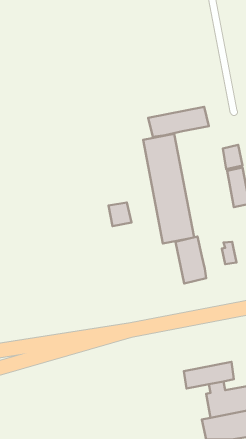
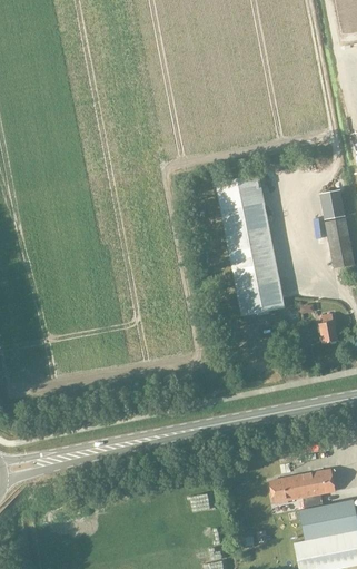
building: [148,107,209,137] -> none
building: [109,202,132,226] -> none
building: [176,237,206,283] -> none

